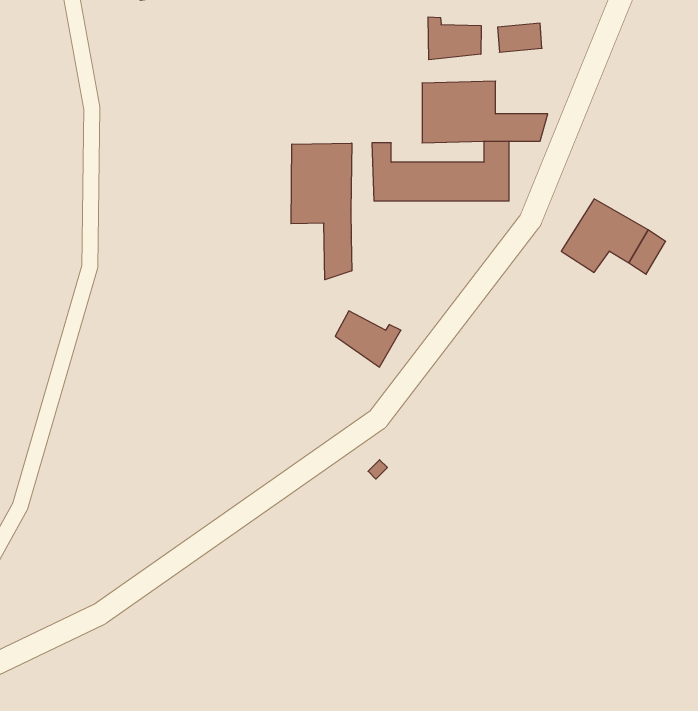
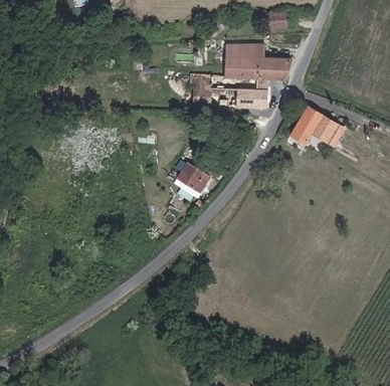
building: [428,17,481,60] -> none
building: [291,143,352,280] -> none

